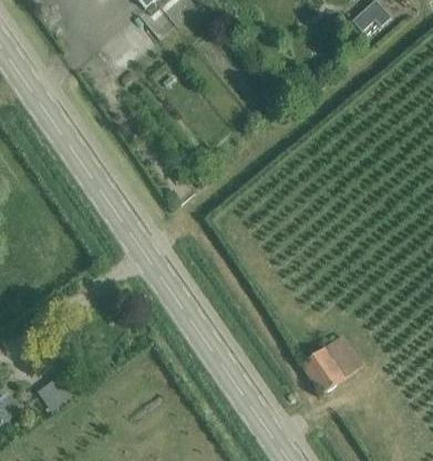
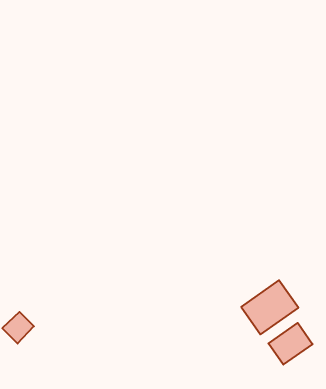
building: none -> [268,323,313,365]

